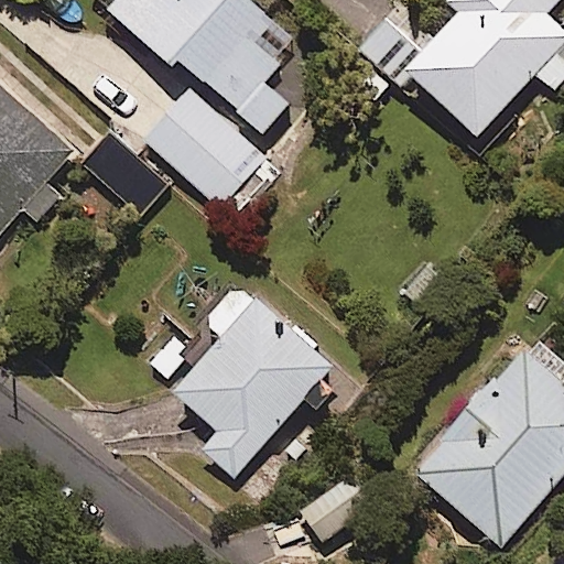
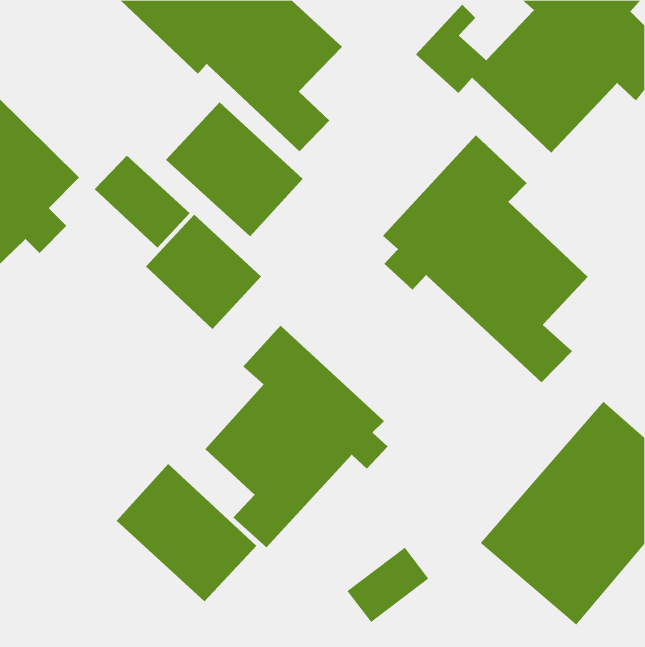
building: none -> [382,135,588,383]
building: none -> [145,214,262,330]
building: none -> [116,463,257,602]

